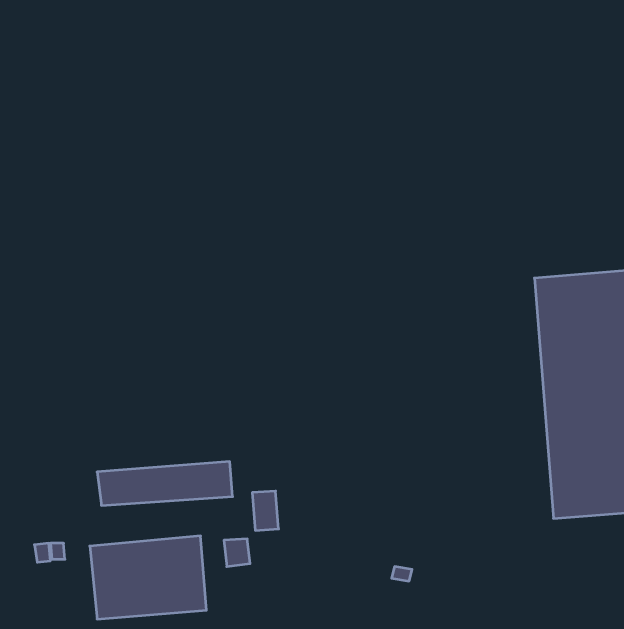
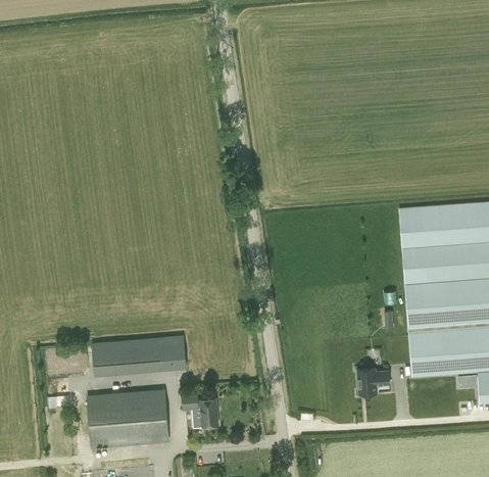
building: [252,491,279,530] -> [200,398,218,426]
building: none -> [357,369,390,395]

